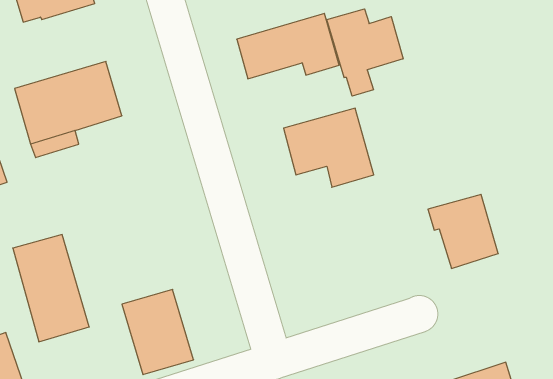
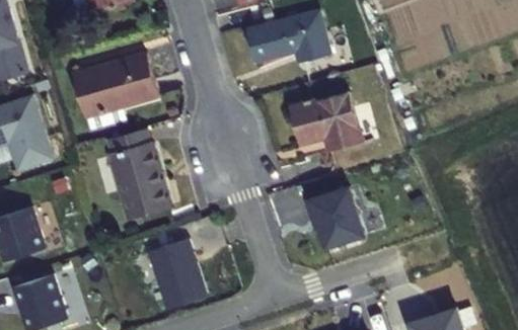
building: [327,9,403,96] -> none
building: [428,194,498,268] -> [308,185,366,246]
building: [13,235,89,342] -> [101,129,164,217]

